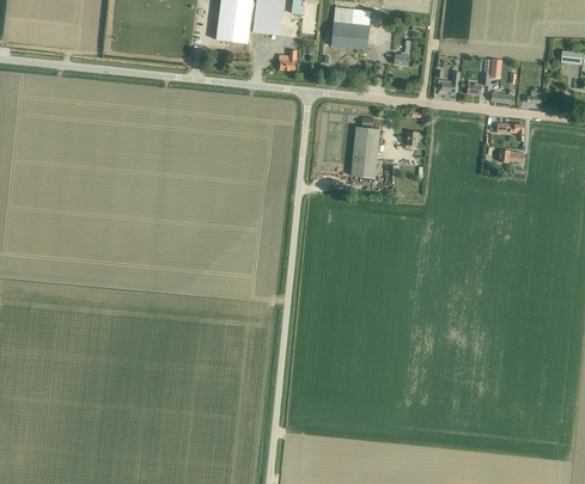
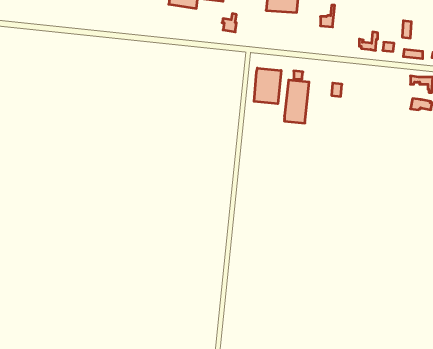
building: none -> [254,68,281,104]

